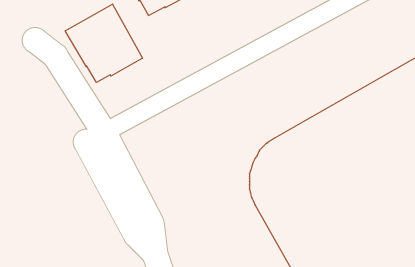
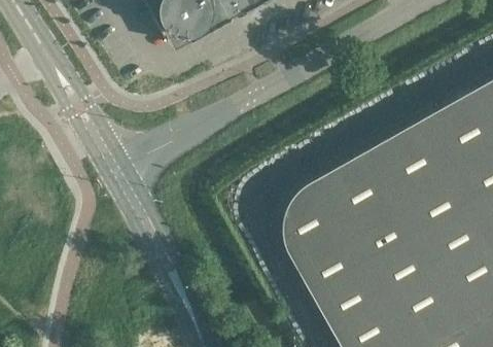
building: [65,4,143,82] -> none

